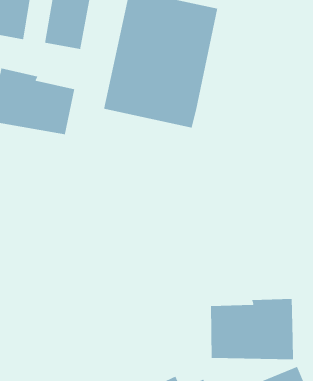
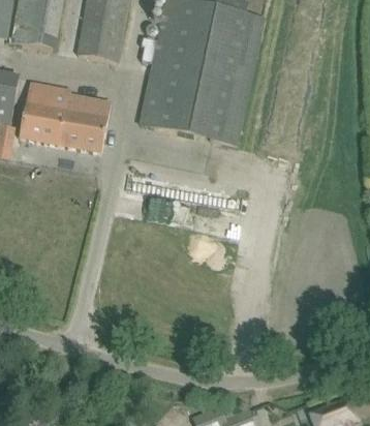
building: [210,298,294,360] -> none

